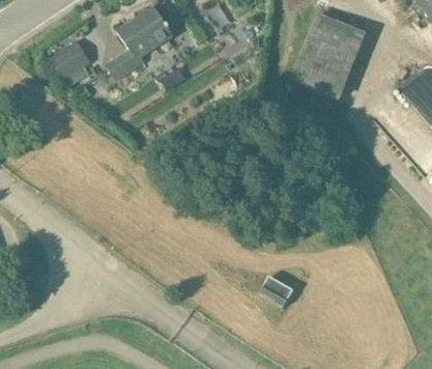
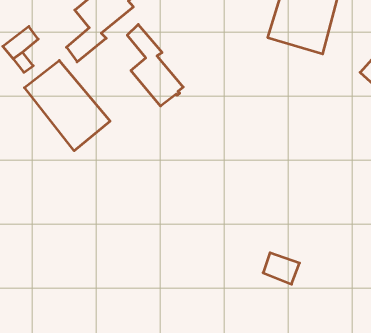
building: none -> [127,24,183,106]
building: none -> [24,60,110,151]

